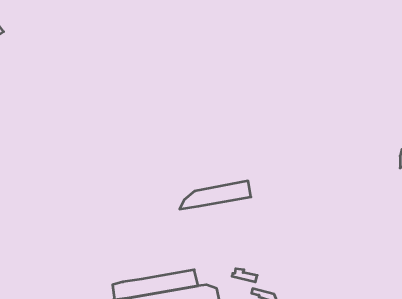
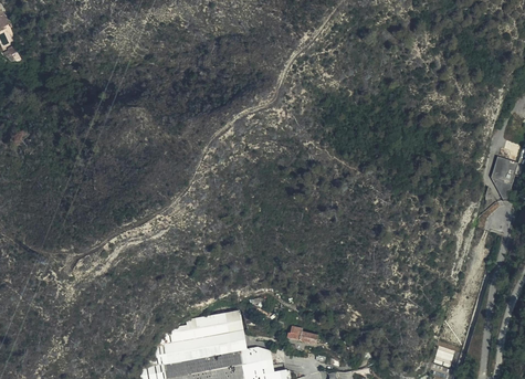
building: [180,181,251,209] -> [159,310,243,344]

